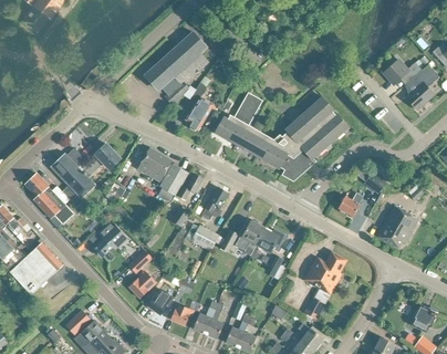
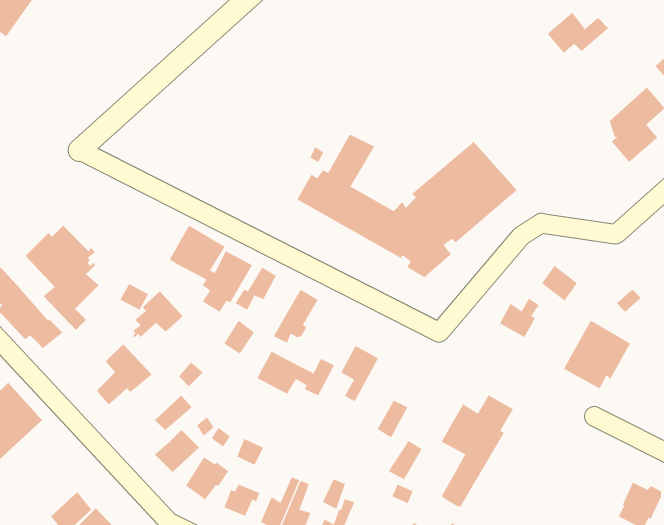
building: [146,31,214,129] -> none
building: [384,59,422,84] -> [547,12,609,54]
building: [90,143,121,171] -> [133,291,184,338]
building: [251,228,285,258] -> none

